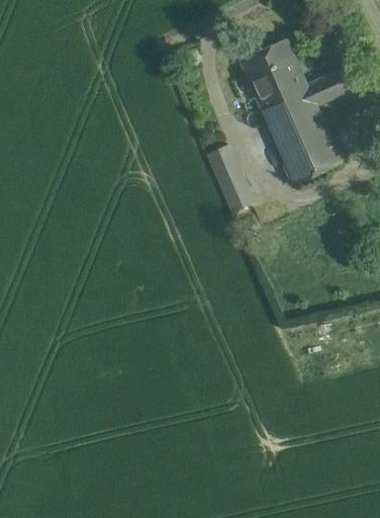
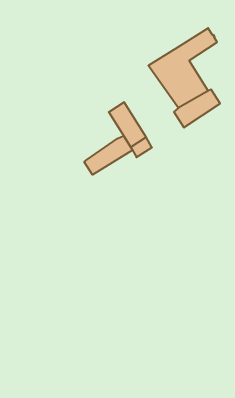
building: [243,39,304,104] -> none
building: none -> [84,136,132,175]

